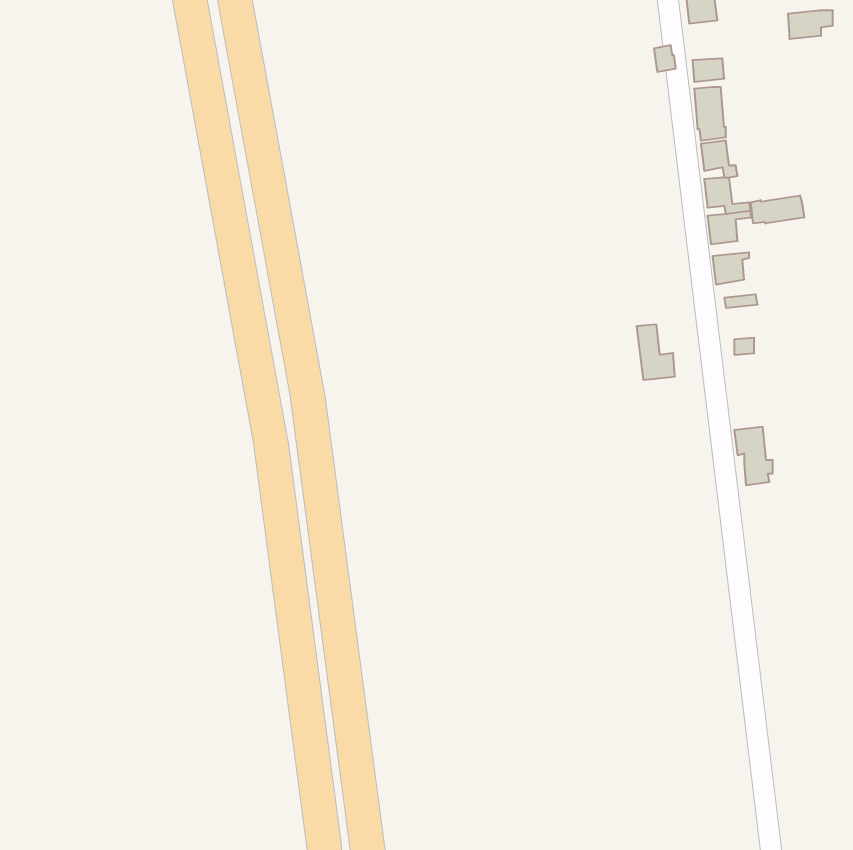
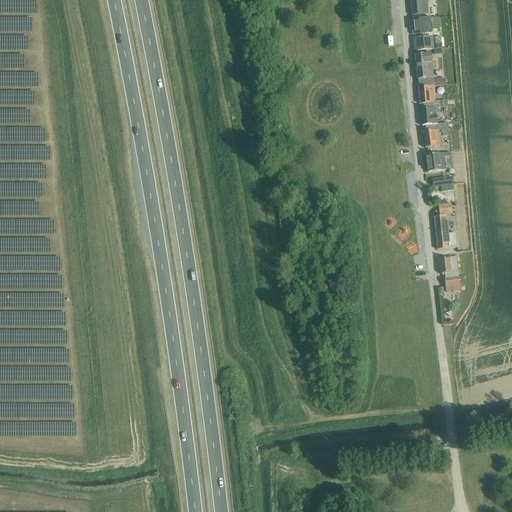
building: [788,11,833,39] -> [413,16,440,33]
building: [751,195,804,224] -> none
building: [636,325,675,380] -> [435,214,458,247]

